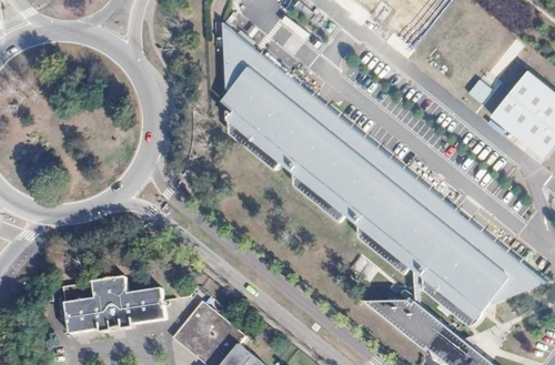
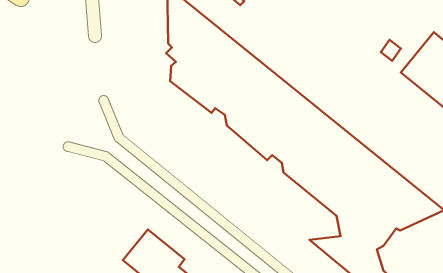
building: [58,274,160,331] -> none

